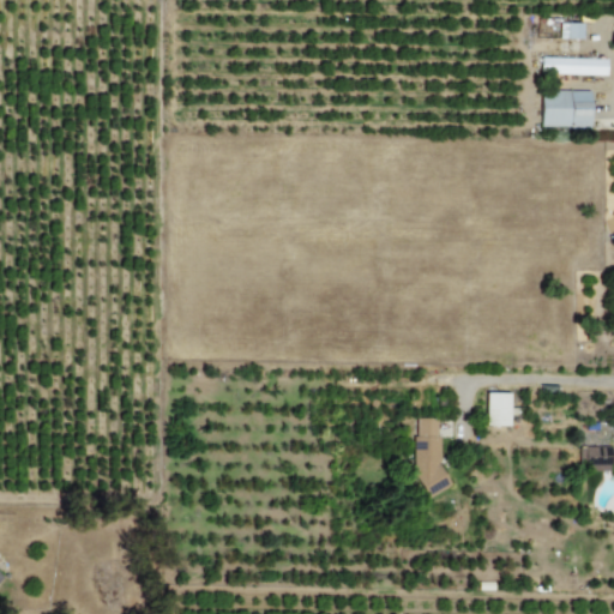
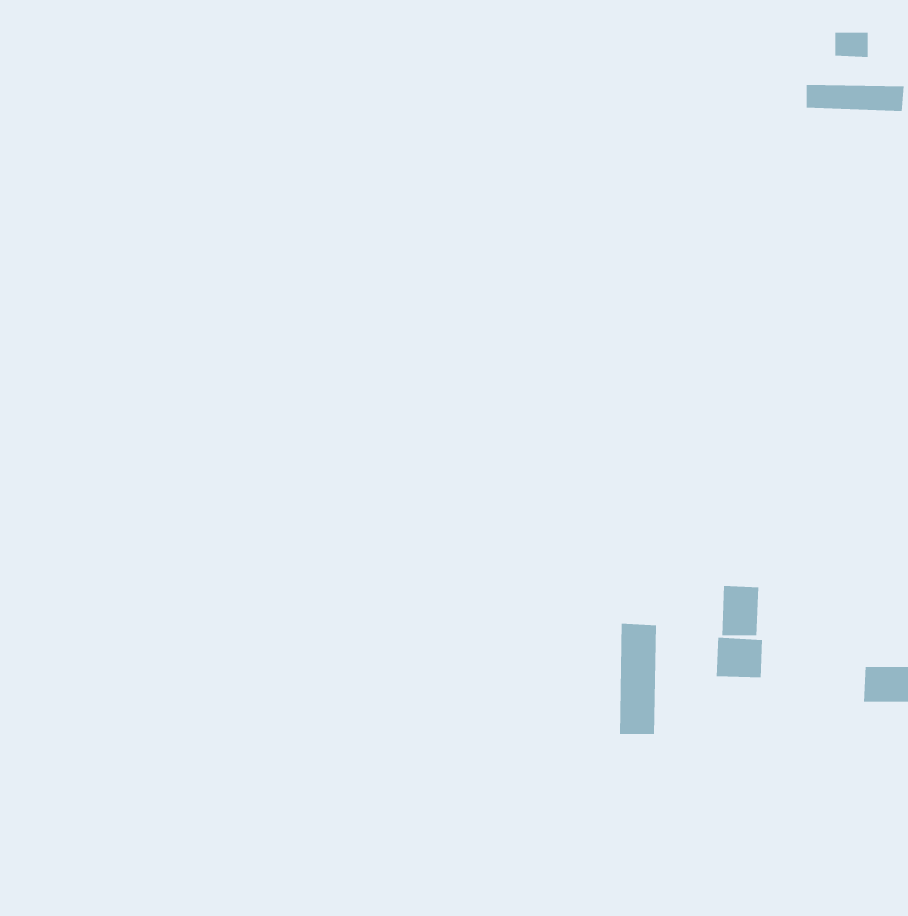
building: [543,90,594,127] -> none
building: none -> [716,637,763,678]

